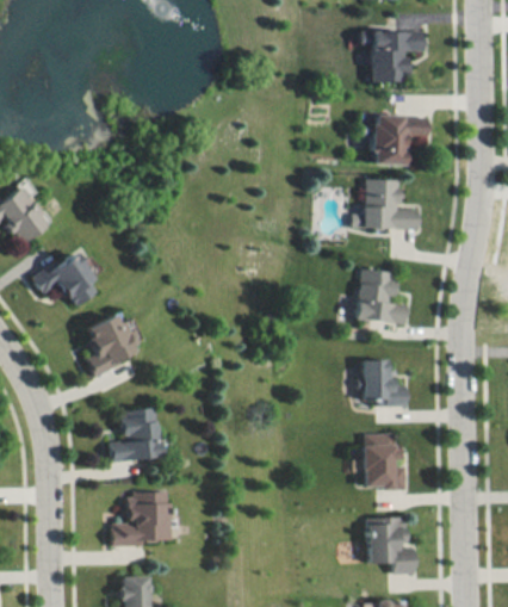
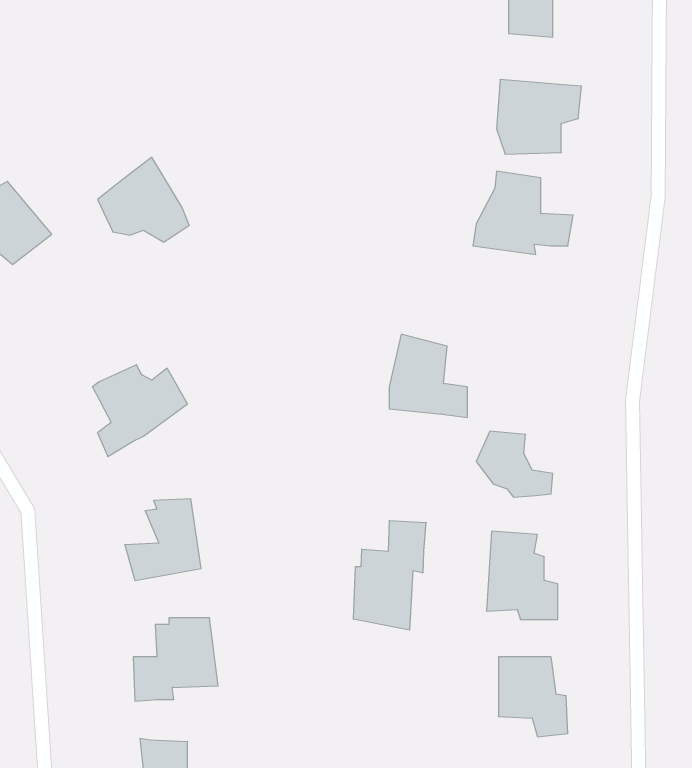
building: [35,244,99,304] -> [98,157,189,242]
building: [355,267,410,326] -> [389,334,467,417]
building: none -> [354,520,426,630]

